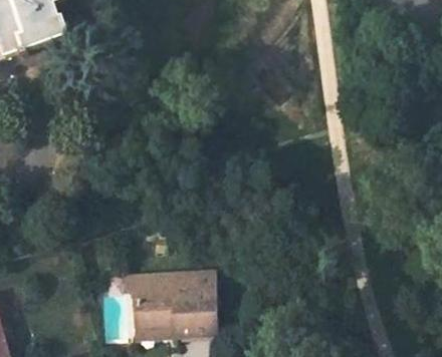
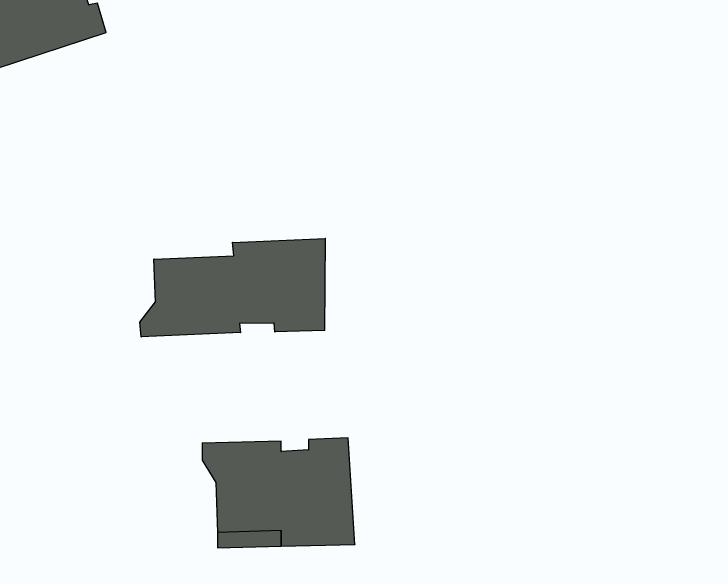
building: none -> [140,238,325,337]

